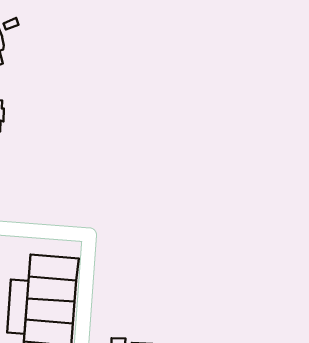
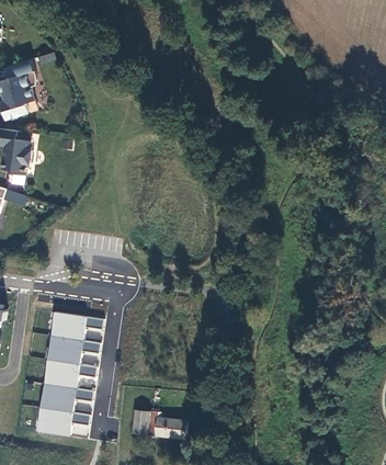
building: [7,279,29,334] -> none

